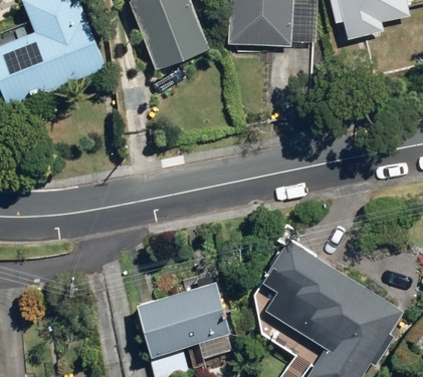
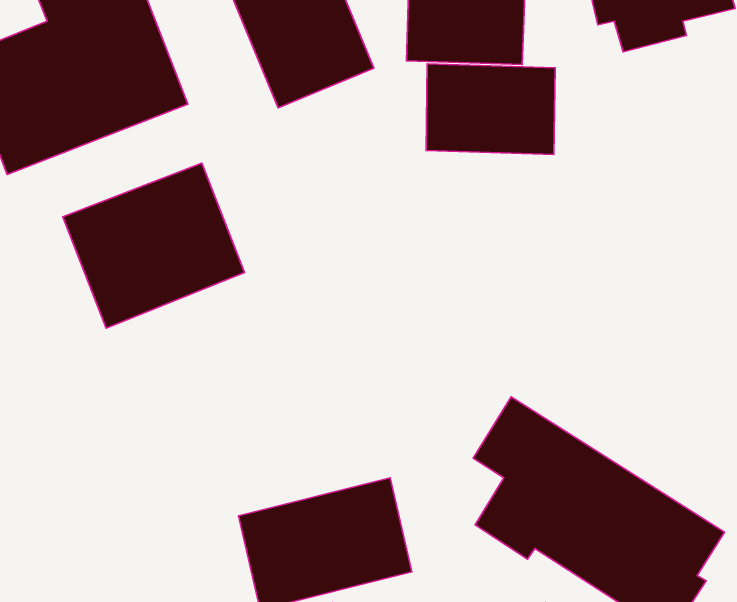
building: none -> [426,64,555,154]
building: none -> [63,163,245,328]

